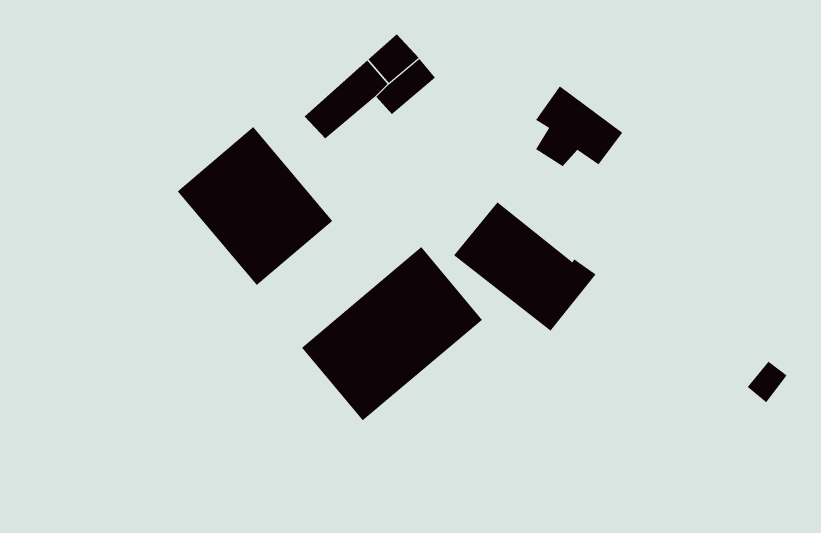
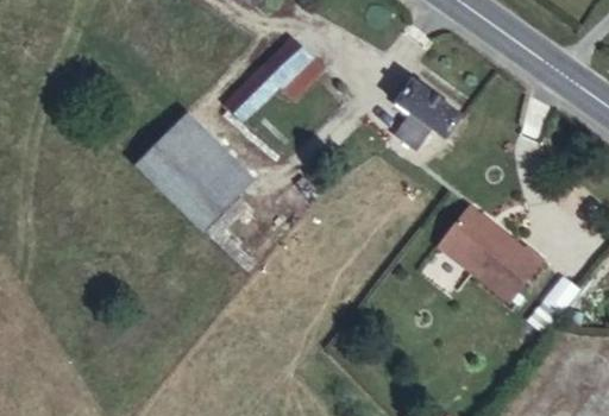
building: [453,201,596,332] -> [440,208,545,303]
building: [301,246,483,421] -> none

